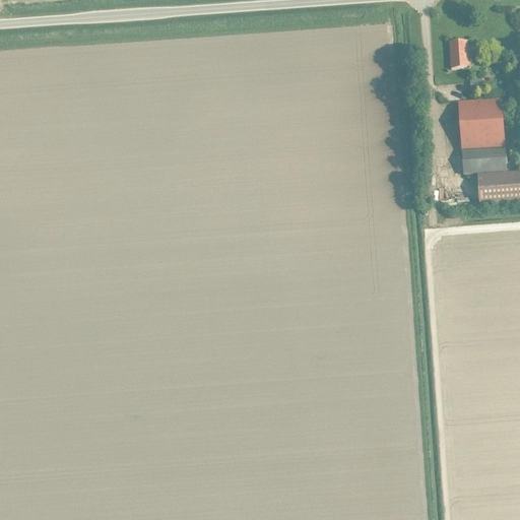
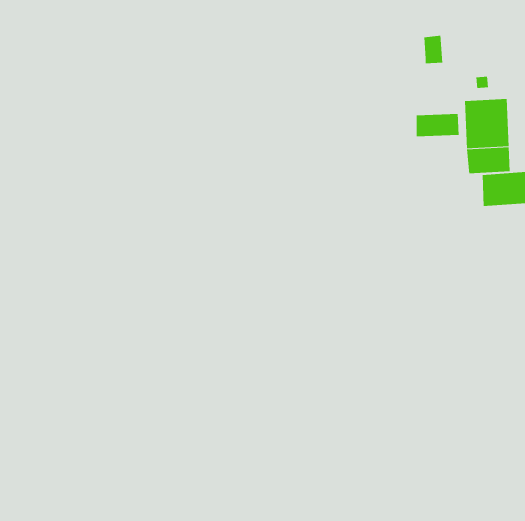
building: [450,38,469,66] -> [424,35,443,64]
building: none -> [416,113,459,137]

